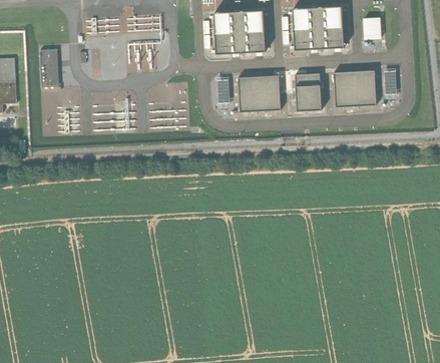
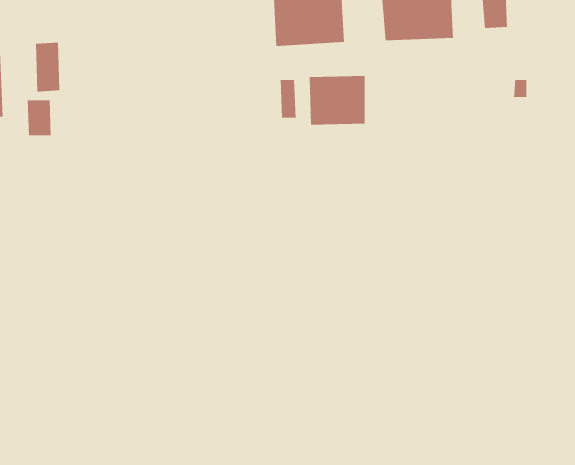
building: [334,70,376,106] -> none
building: [295,73,322,111] -> none
building: none -> [27,100,51,136]

